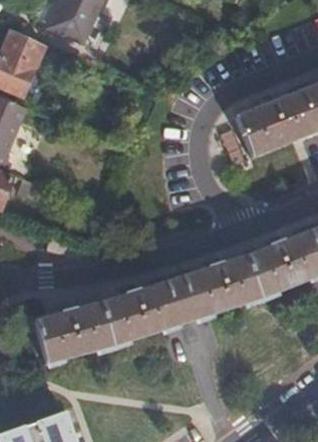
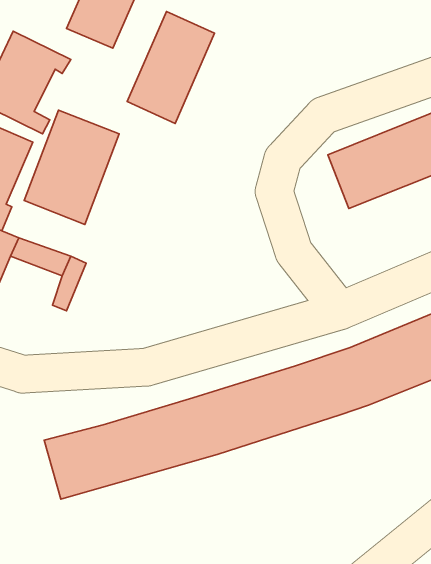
building: none -> [127,12,215,123]
building: none -> [24,110,119,224]

